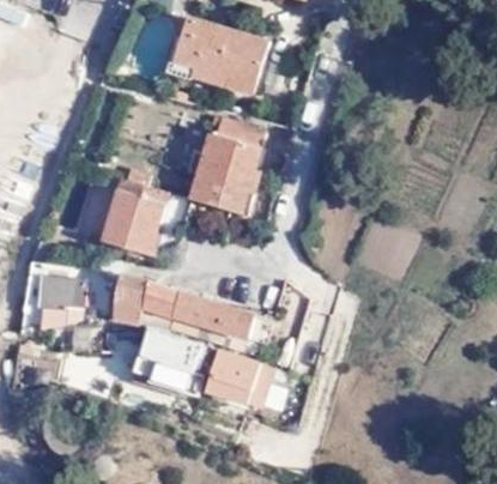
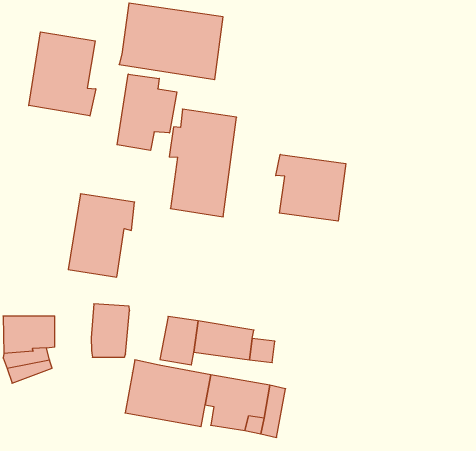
building: none -> [29,32,96,116]
building: none -> [117,74,177,150]
building: none -> [276,154,346,221]
building: [141,283,182,328] -> none

